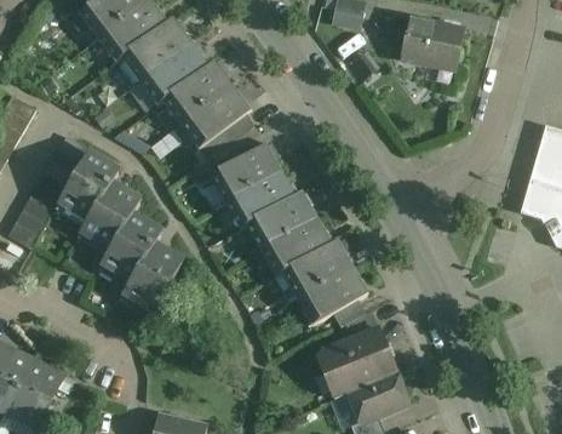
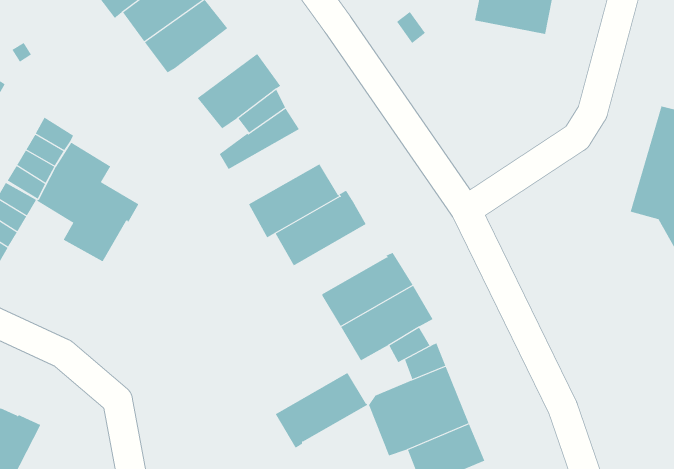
building: [167,61,231,119] -> none
building: [208,143,280,201] -> none
building: [102,215,182,308] -> none
building: [259,217,332,276] -> [275,372,368,448]

